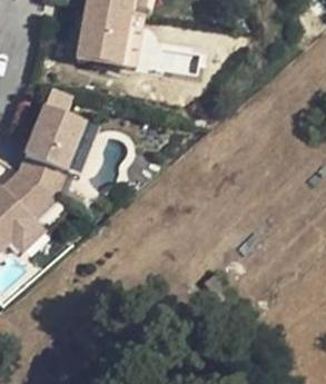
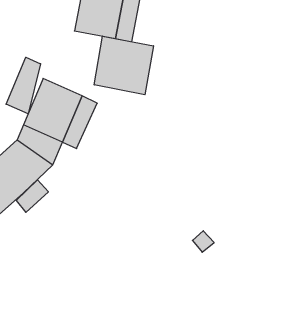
building: none -> [94,36,153,95]
building: none -> [6,57,41,114]

